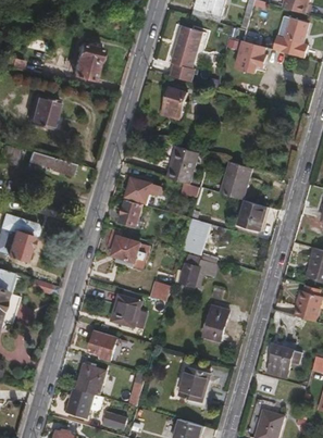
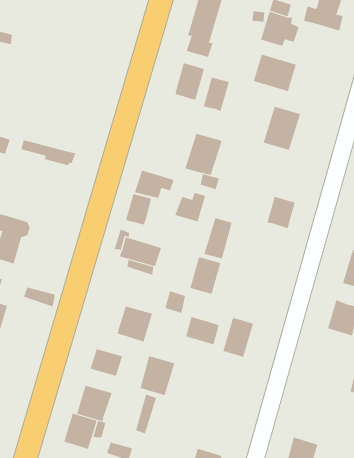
building: [72,42,101,78] -> none
building: none -> [253,54,297,92]
building: [29,95,59,128] -> none
building: none -> [203,77,229,112]
building: [220,161,252,199] -> [263,106,301,150]
building: none -> [174,192,206,222]
building: none -> [185,316,219,345]
building: [268,345,299,378] -> none
building: [181,366,211,401] -> [140,356,175,396]

